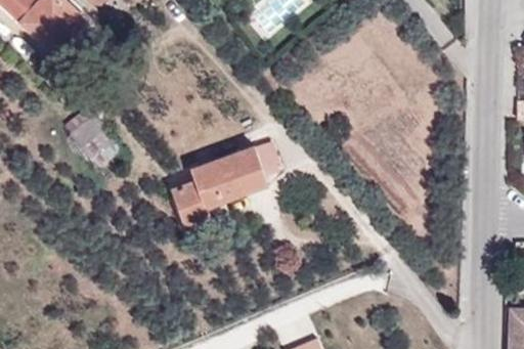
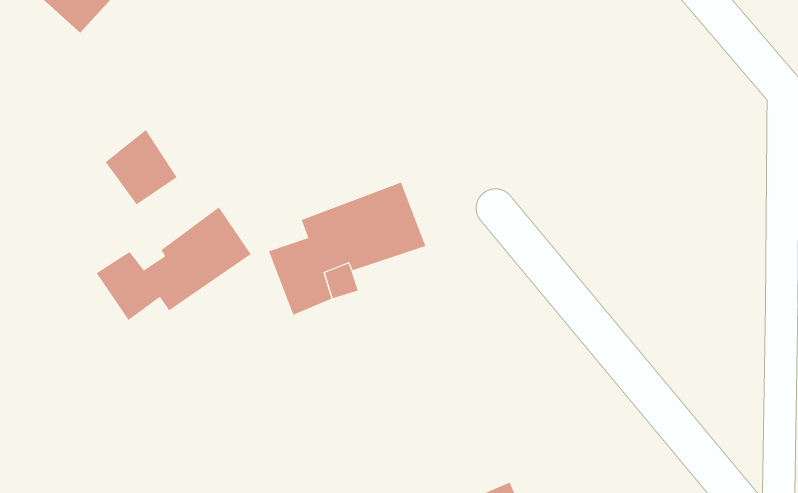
building: none -> [96,206,251,321]

